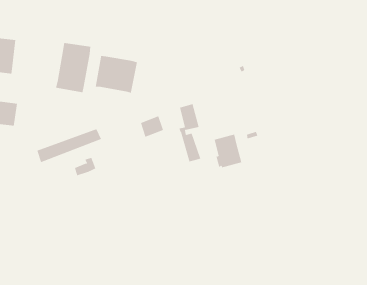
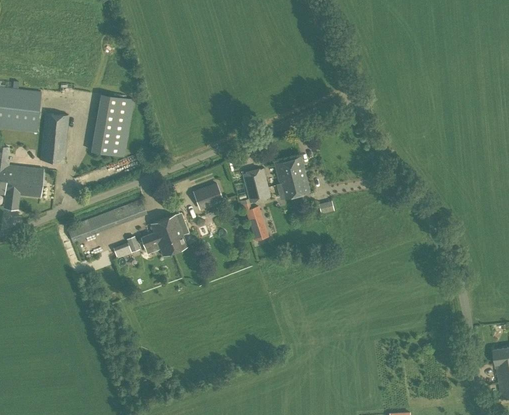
building: [95,55,137,93] -> none
building: none -> [39,112,69,162]
building: [214,134,242,168] -> [275,156,310,198]
building: none -> [141,212,189,256]

